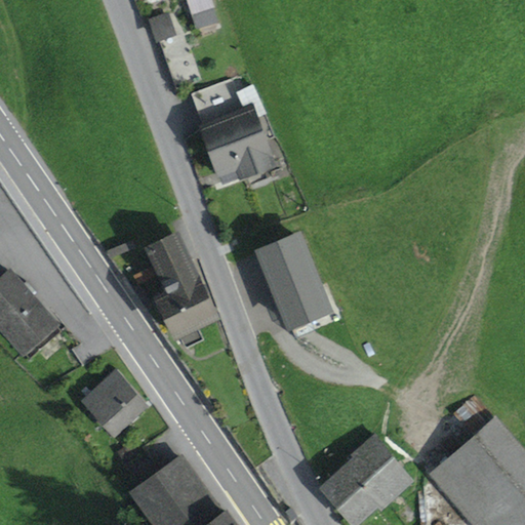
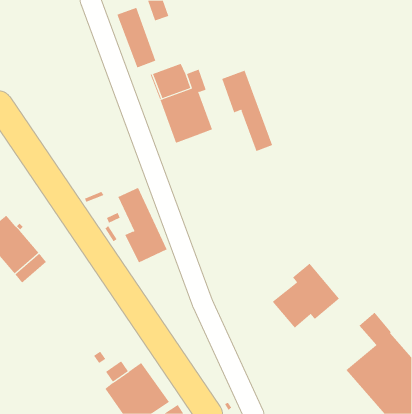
building: none -> [221,70,273,152]
building: [258,237,325,323] -> none
building: [84,370,145,431] -> none
building: [324,436,410,519] -> [272,263,340,329]

